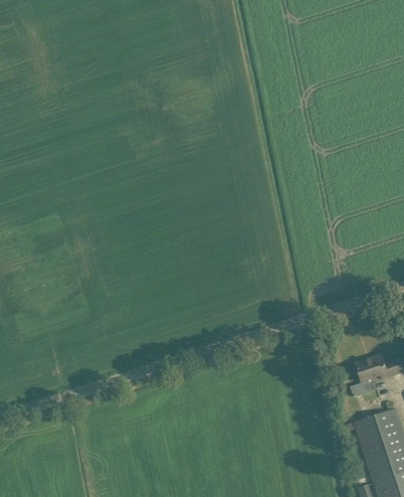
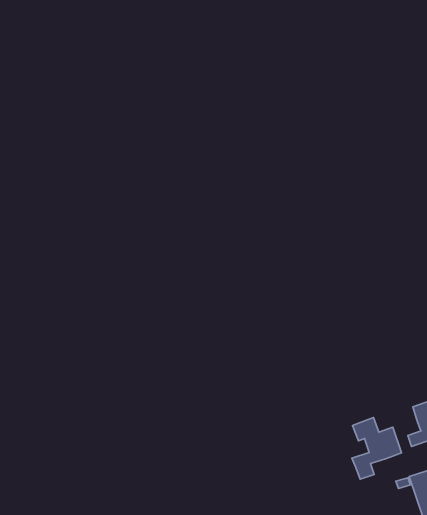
building: none -> [352,417,402,479]

